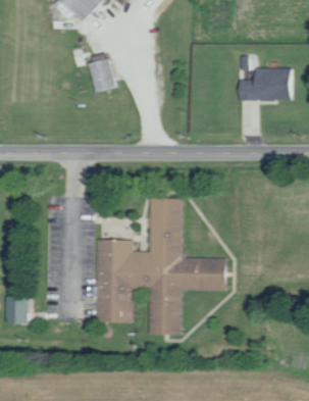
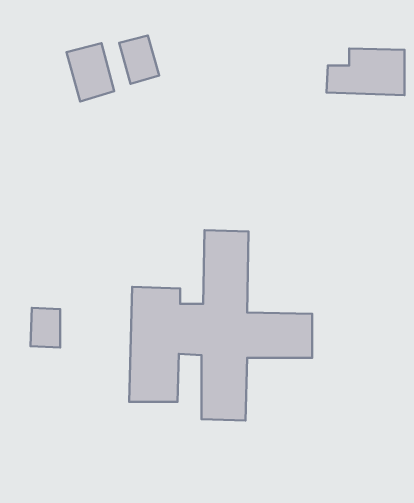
building: none -> [66,43,114,102]
building: [7,296,29,324] -> [30,308,60,347]

